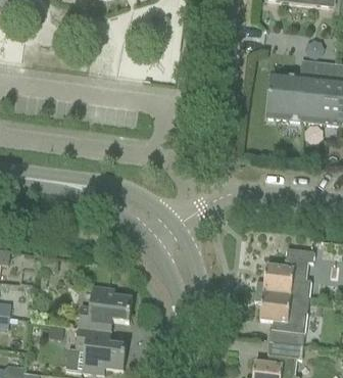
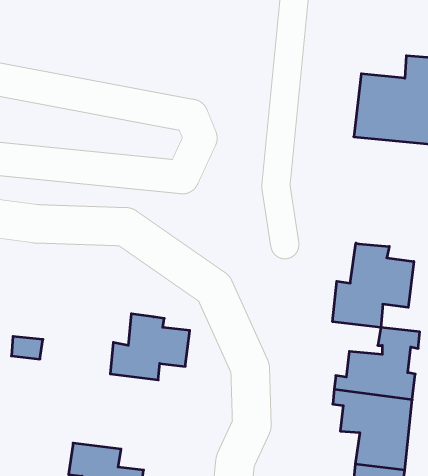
building: none -> [333,243,414,327]
building: [78,285,132,330] -> [110,314,190,380]

